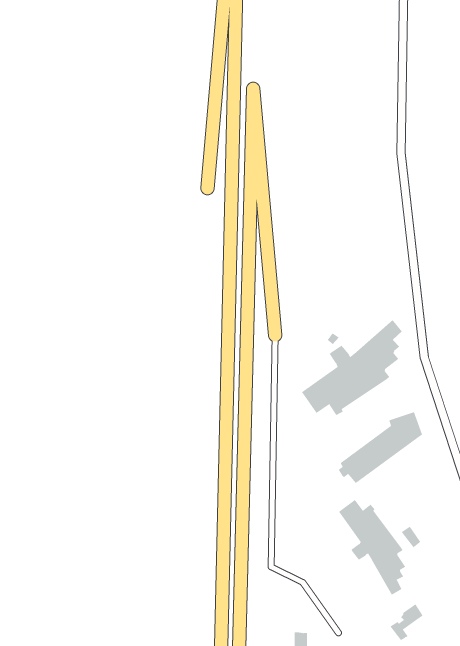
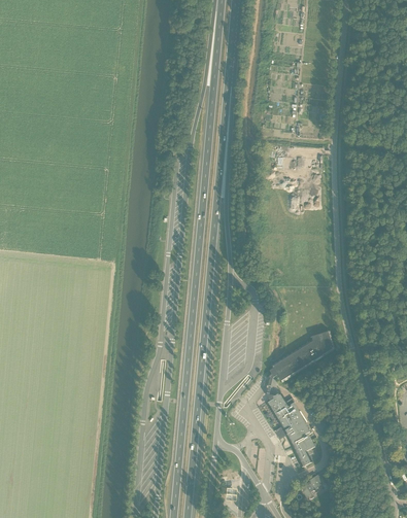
building: [301,319,402,416] -> none

